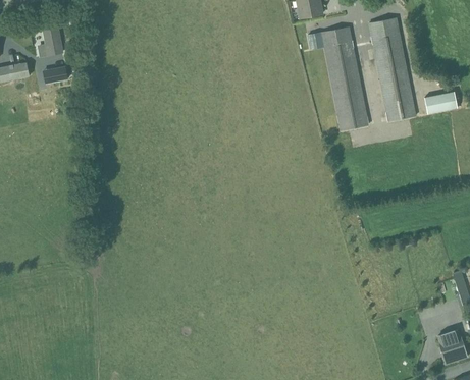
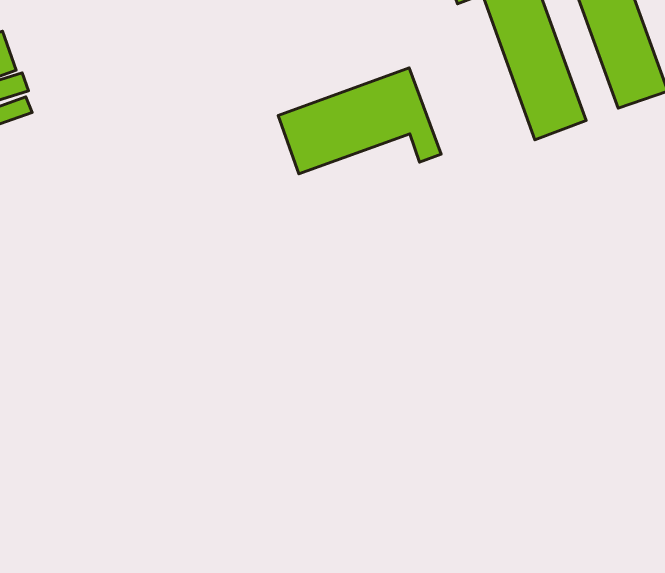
building: none -> [278,68,441,174]

